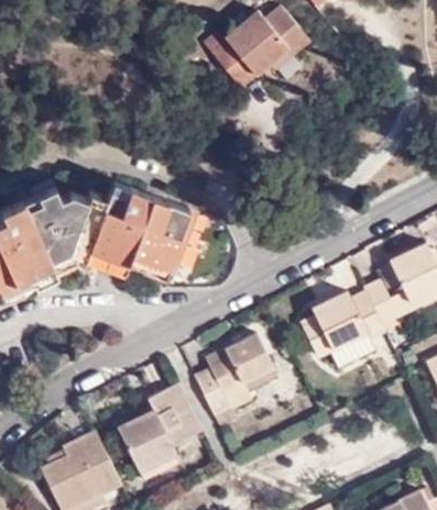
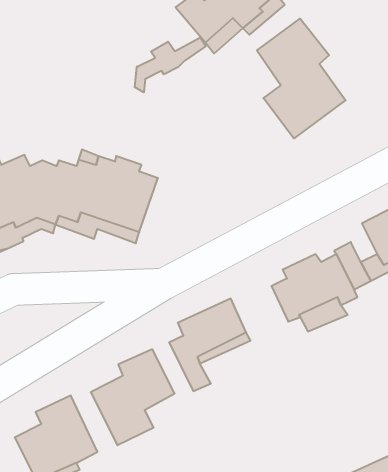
building: none -> [257,19,346,138]
building: none -> [135,37,206,92]

